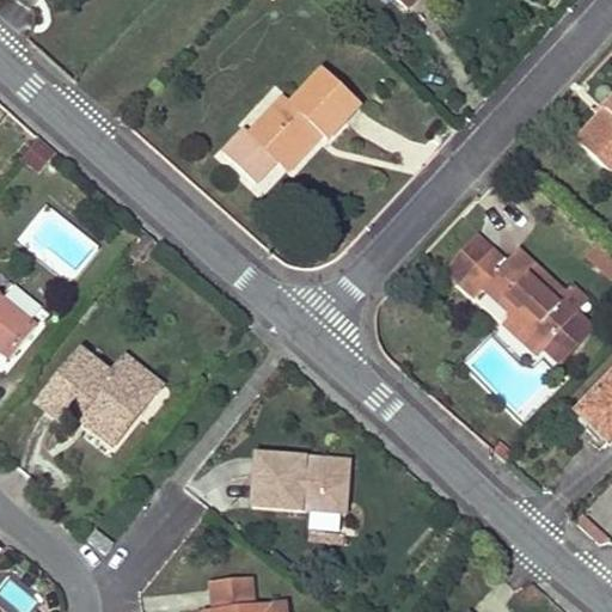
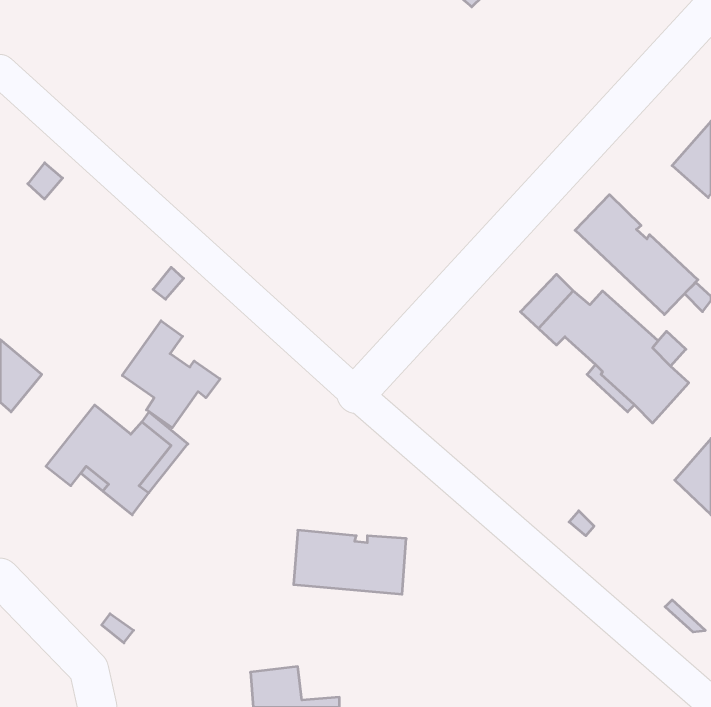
building: [222,71,359,183] -> none
building: none -> [575,195,698,315]
building: none -> [122,321,220,428]

